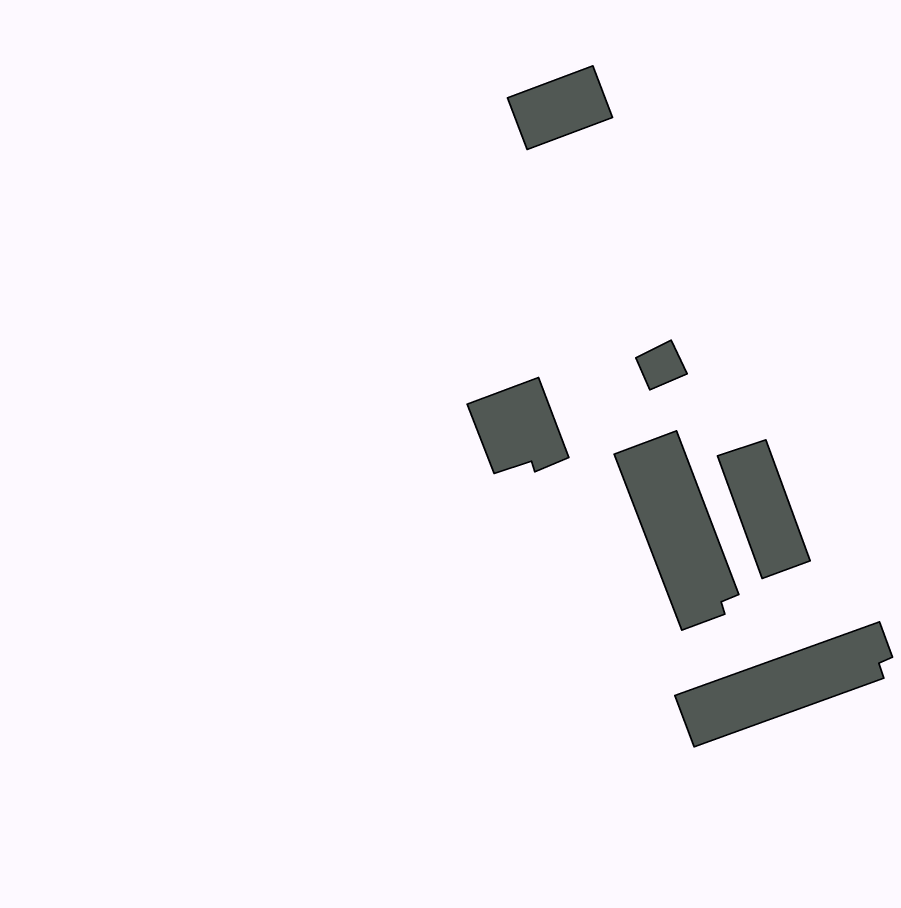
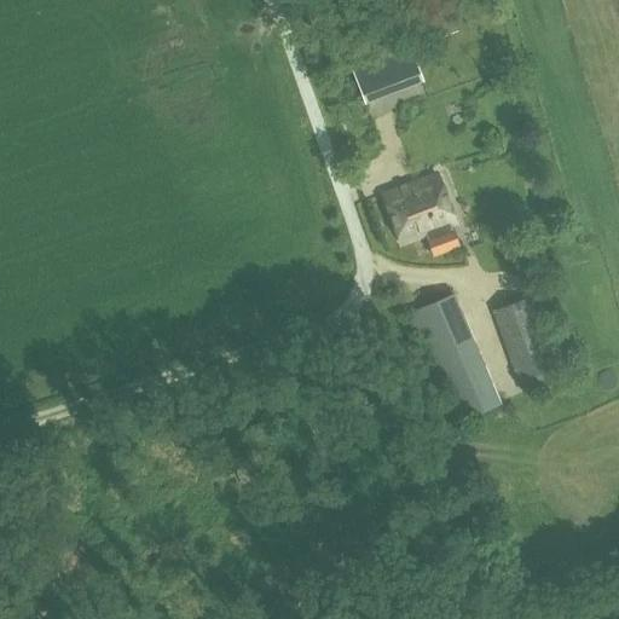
building: [467,377,569,474] -> [383,175,452,241]
building: [675,622,893,747] -> none

